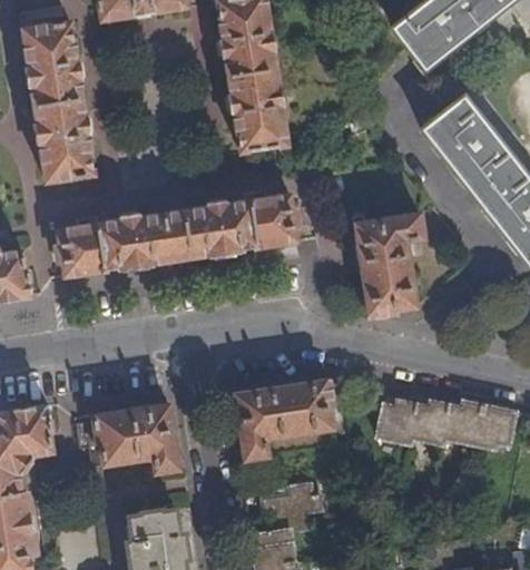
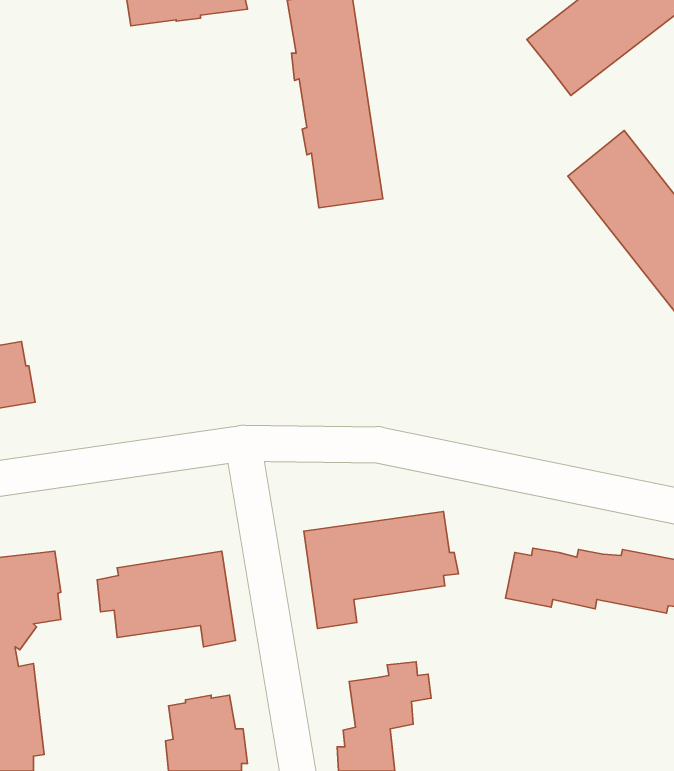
building: [23,21,94,181] -> none
building: [57,195,300,275] -> none
building: [356,214,424,317] -> none

